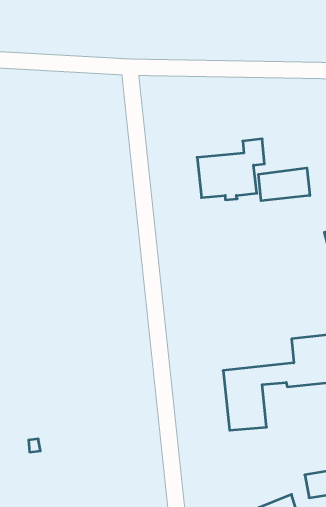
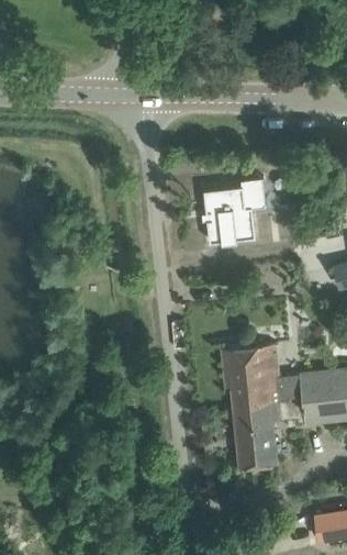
building: [259,168,310,201] -> none
building: none -> [221,346,304,409]

